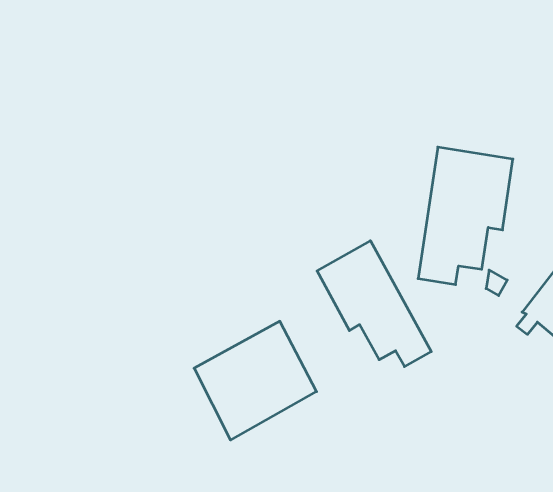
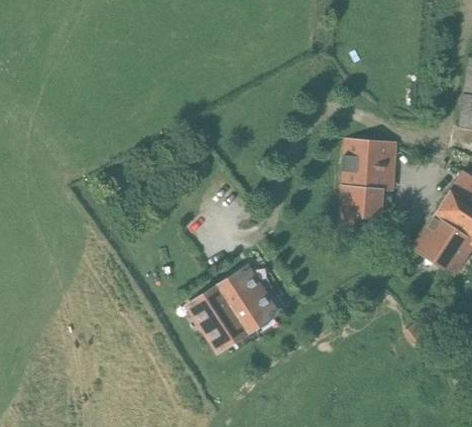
building: [317,241,431,367] -> none

